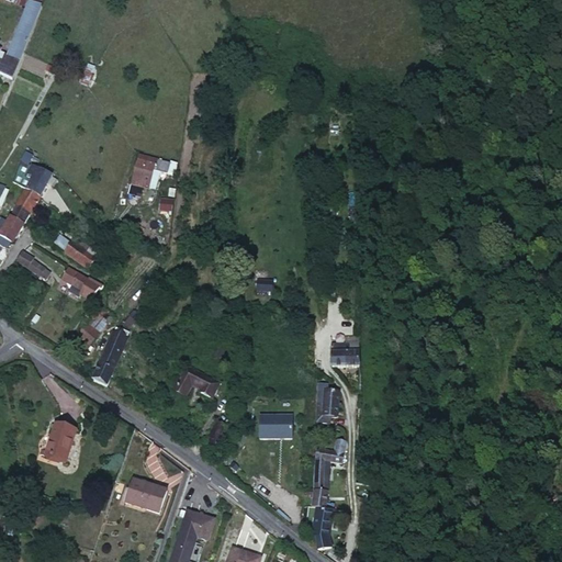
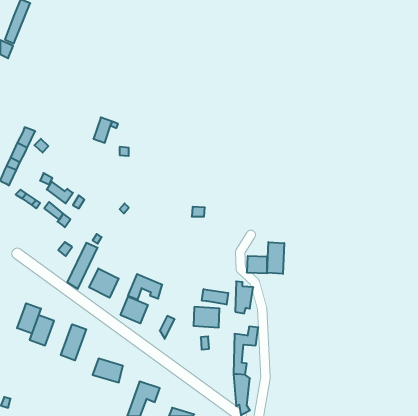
building: none -> [267,242,284,274]
building: none -> [89,268,119,298]
building: none -> [202,289,228,305]
building: none -> [121,297,148,323]
building: none -> [17,303,41,334]
building: none -> [61,324,86,360]

